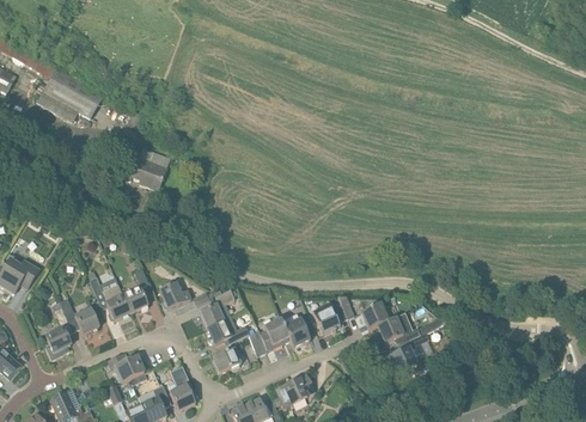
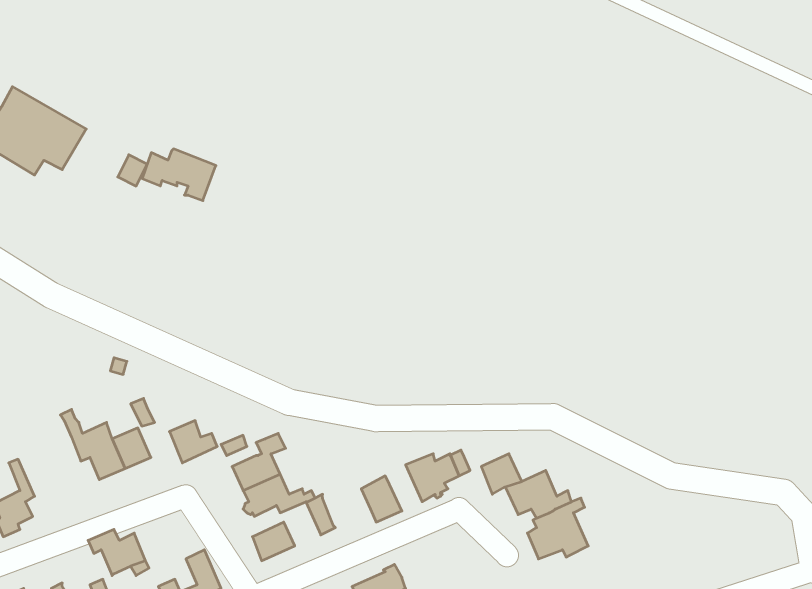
building: [118,155,166,189] -> [142,149,216,201]
building: [59,296,98,332] -> none
building: [258,318,289,349] -> none

